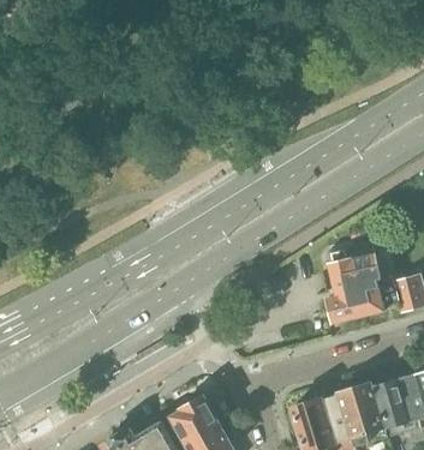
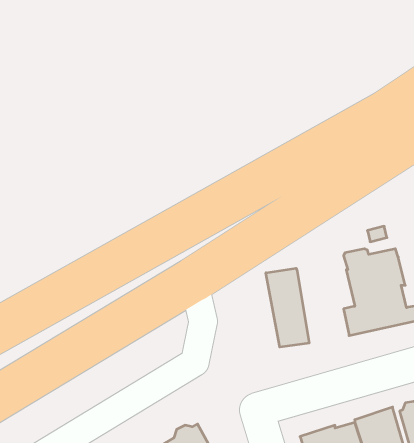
building: none -> [266,268,309,347]

